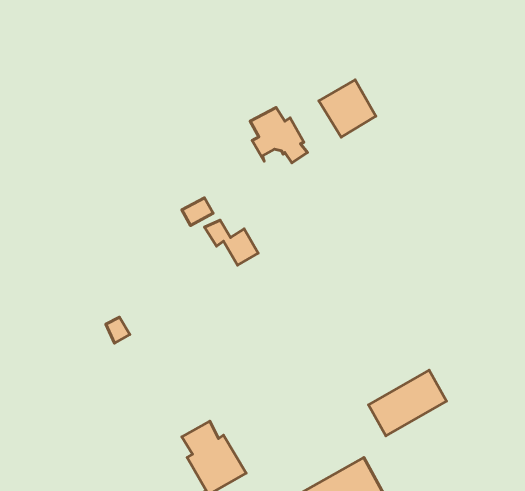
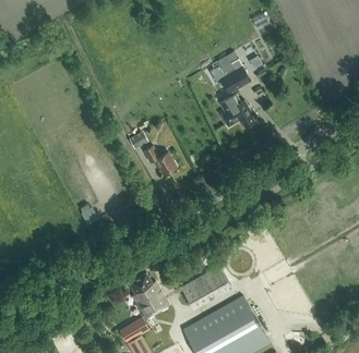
building: [250,107,307,163] -> [219,94,255,129]
building: [368,370,446,436] -> [181,265,230,306]

